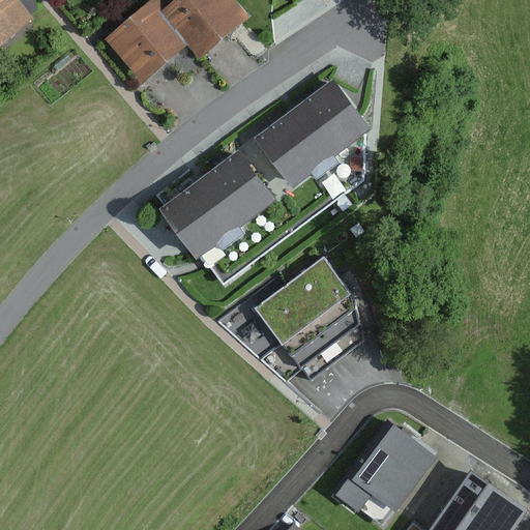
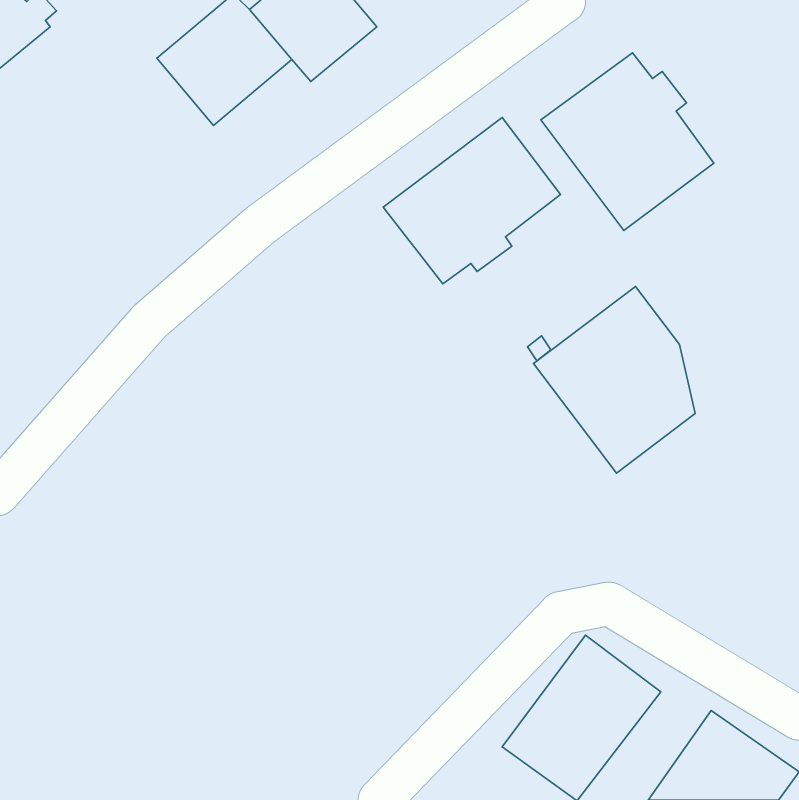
building: none -> [541,53,714,230]
building: [157,150,274,260] -> none
building: [255,257,361,380] -> [533,287,695,473]

